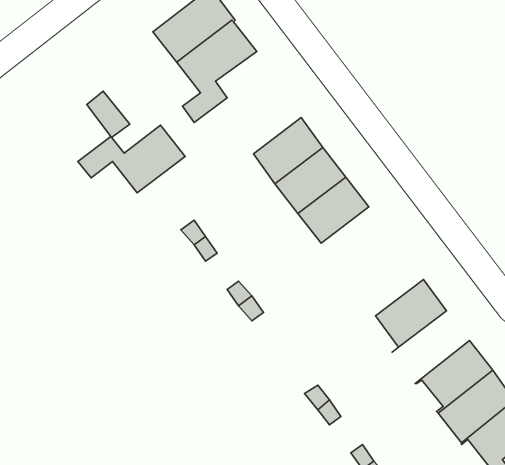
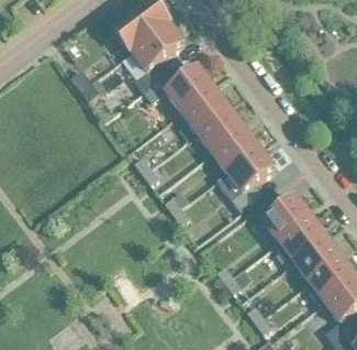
building: [78,125,185,193] -> [144,67,215,112]
building: none -> [228,147,276,211]
building: none -> [276,217,327,265]

